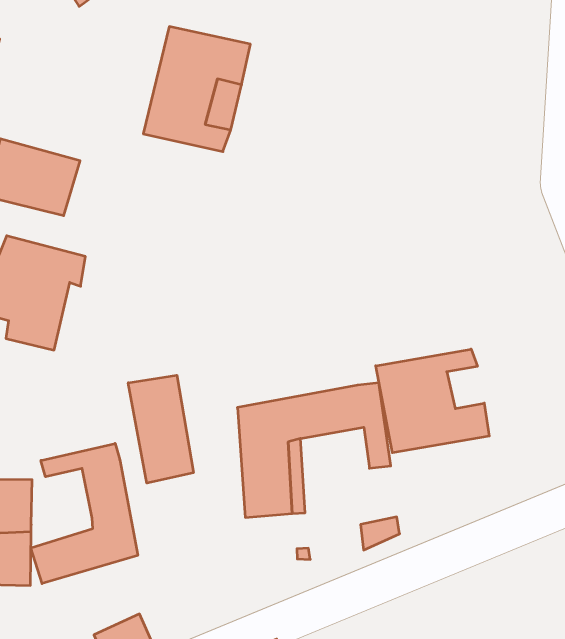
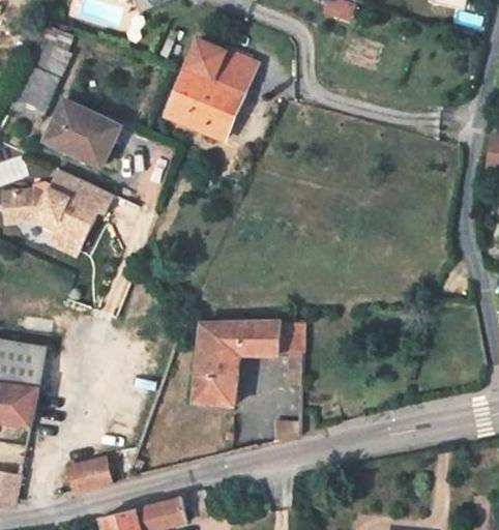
building: [376,349,489,453] -> none
building: [128,375,193,483] -> none
building: [31,443,138,584] -> none

